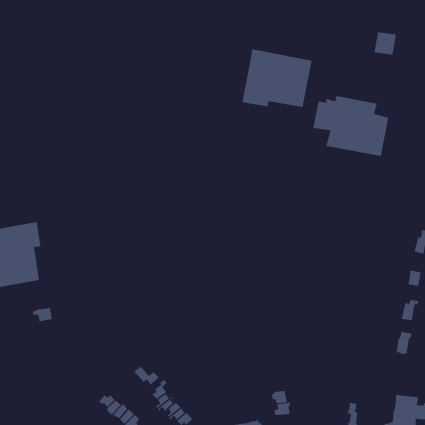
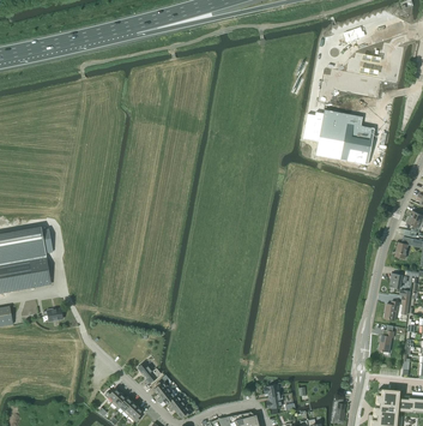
building: [242,48,312,108] -> none

